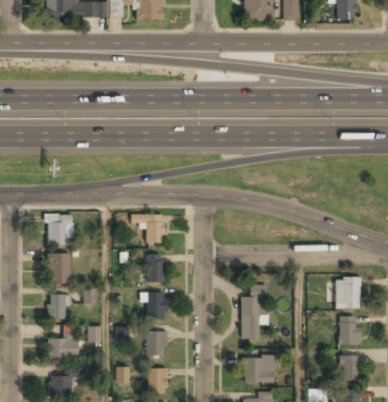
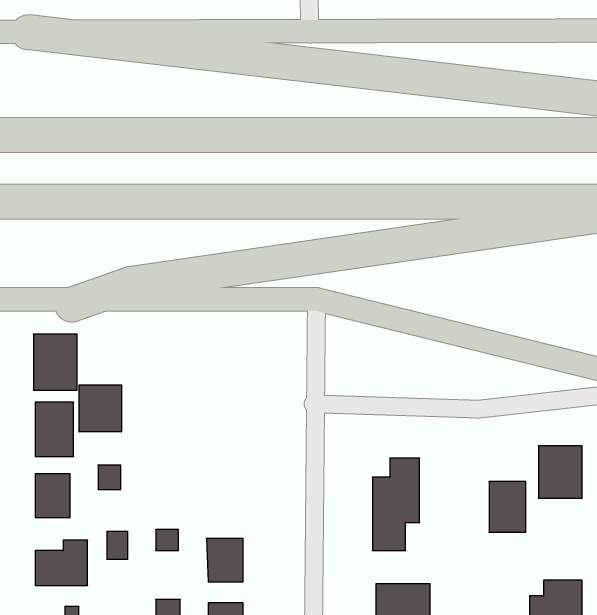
building: [131,214,164,243] -> none
building: none -> [79,385,121,432]
building: [147,254,164,282] -> none
building: [147,293,166,318] -> none
building: [339,316,360,345] -> [489,482,526,532]

